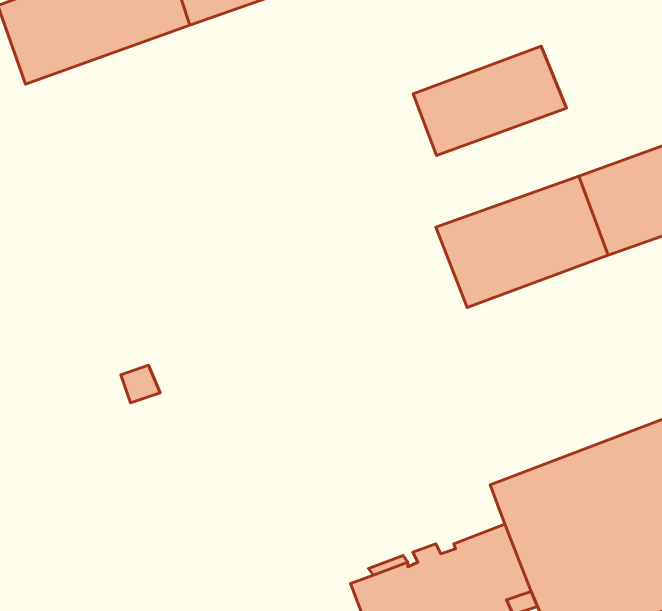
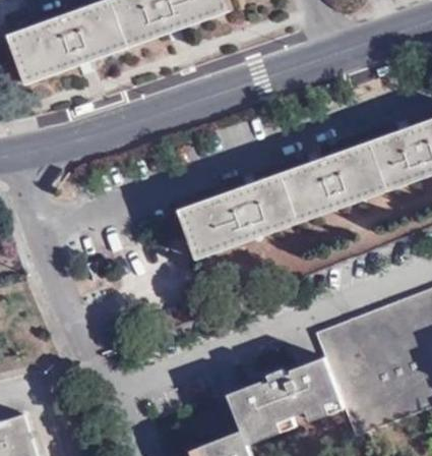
building: [413,46,566,156] -> none
building: none -> [178,173,299,261]

